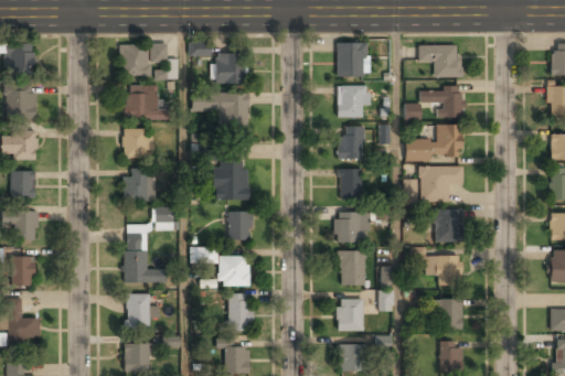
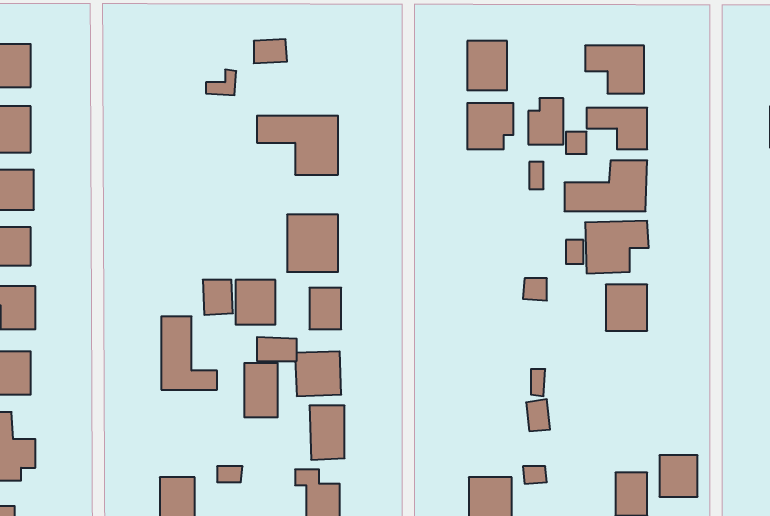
building: [121,44,168,76] -> none
building: [216,54,245,84] -> none
building: [126,85,169,119] -> none
building: [339,126,363,158] -> [528,98,563,144]
building: [124,129,151,158] -> none
building: [340,168,362,197] -> none
building: [124,171,151,202] -> [236,280,275,325]
building: [335,211,369,241] -> none
building: [339,250,365,284] -> none
building: [425,256,462,280] -> none
building: [127,293,150,331] -> [244,363,278,417]
building: [338,299,363,331] -> none
building: [436,299,462,327] -> [659,455,698,497]

